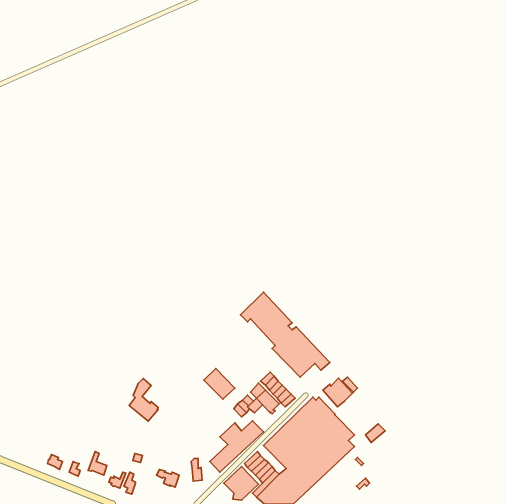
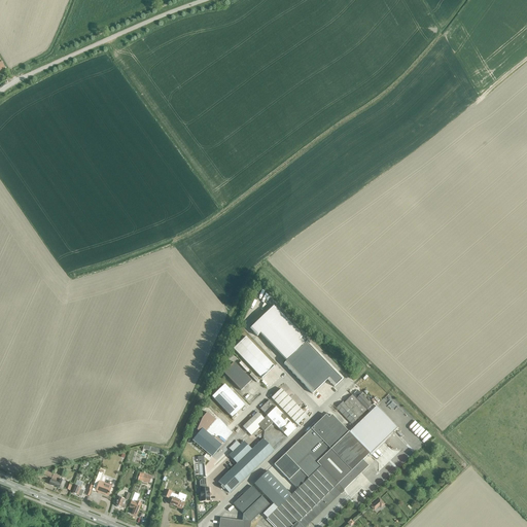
building: none -> [233,335,274,377]
building: none -> [223,360,251,389]
building: [129,379,158,421] -> [192,411,222,455]
building: none -> [349,405,397,453]

